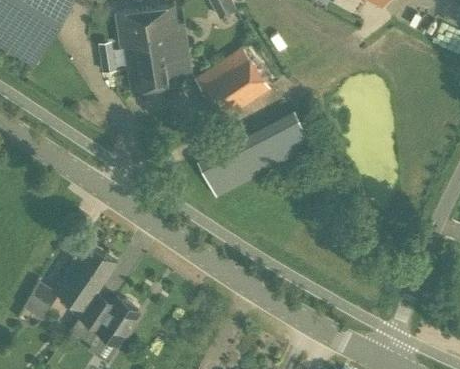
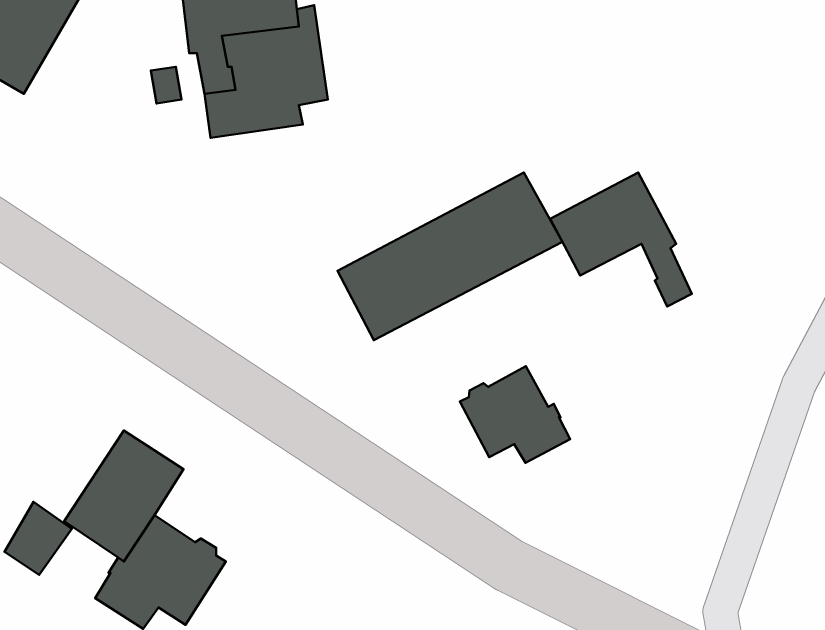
building: [197,47,271,119] -> none
building: none -> [550,173,692,306]
building: none -> [460,366,570,463]

